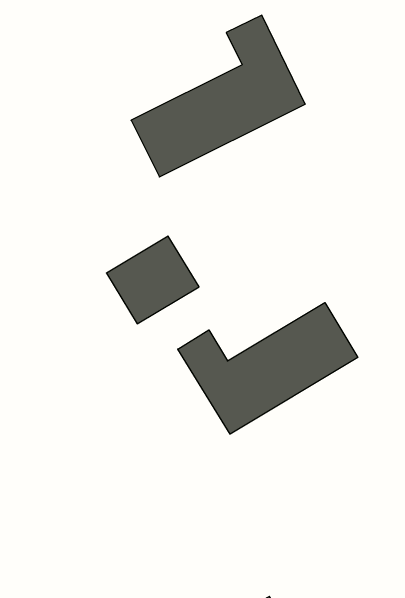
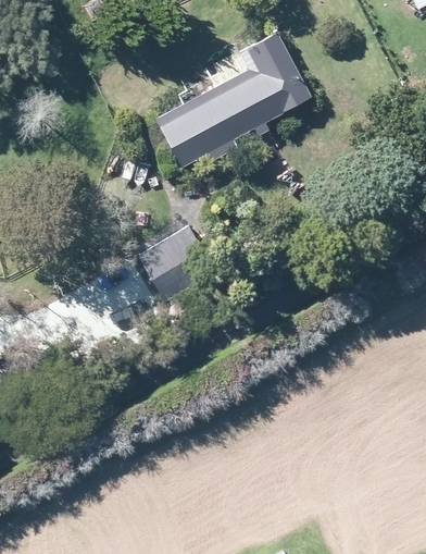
building: [178,303,358,434] -> none

